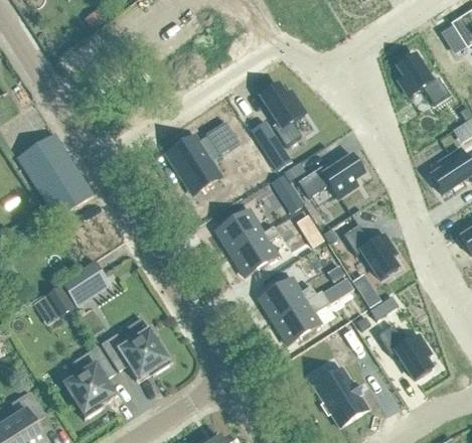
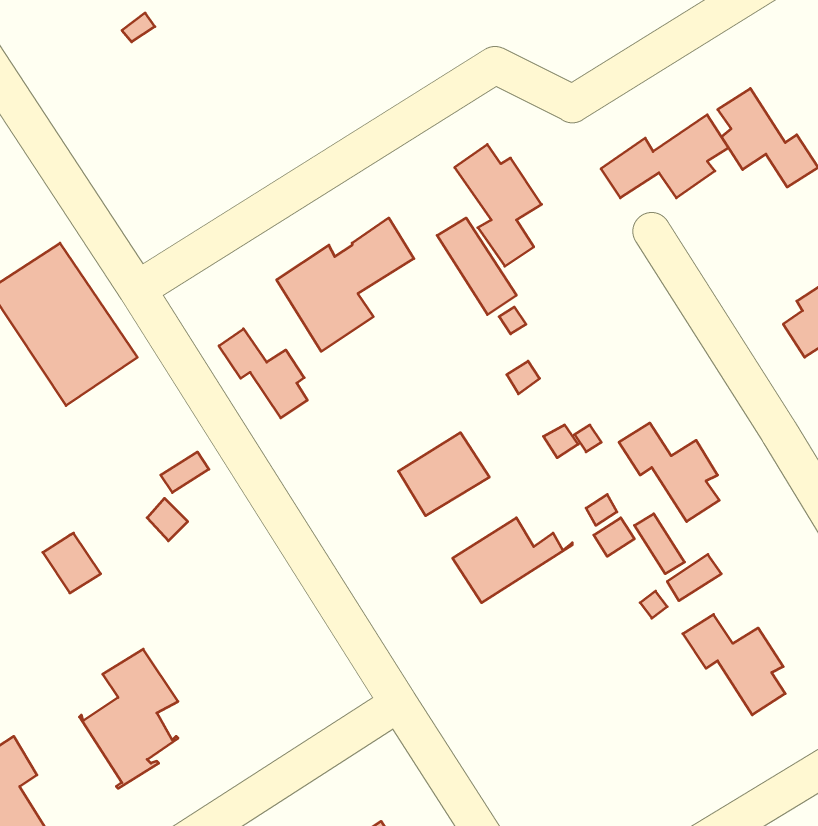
building: [298,154,364,197] -> [601,115,728,198]
building: none -> [219,329,307,418]
building: [215,209,263,253] -> none
building: [62,268,101,306] -> none
building: [274,291,329,344] -> none
building: [102,316,173,379] -> none
building: [314,368,368,427] -> none

